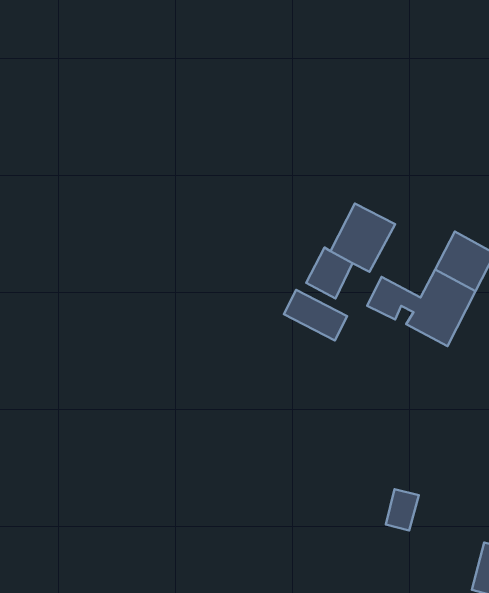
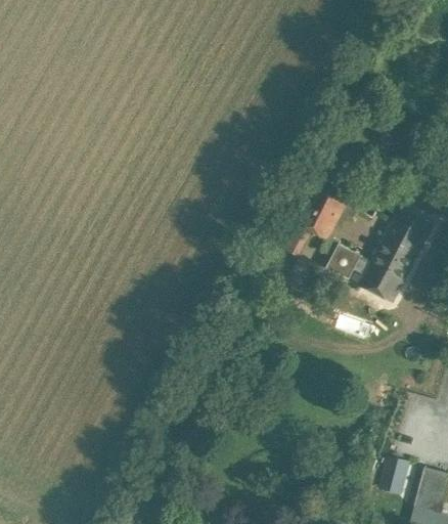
building: [284,290,347,340] -> none
building: [386,489,419,531] -> [380,458,408,493]

